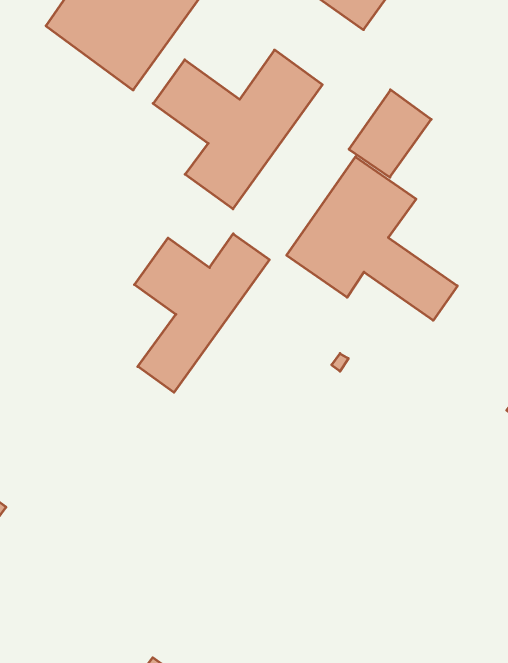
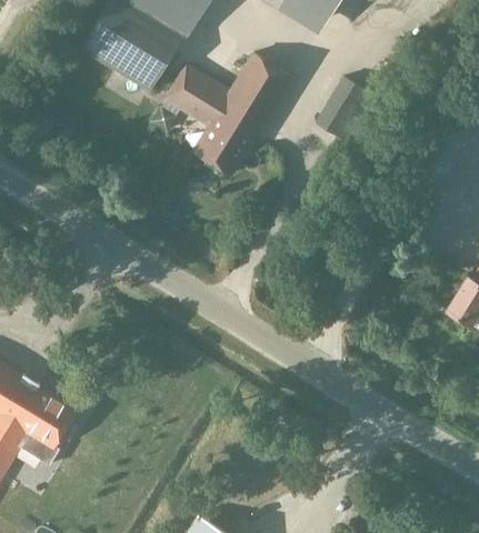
building: [287,157,457,320] -> none
building: [134,234,269,392] -> none

